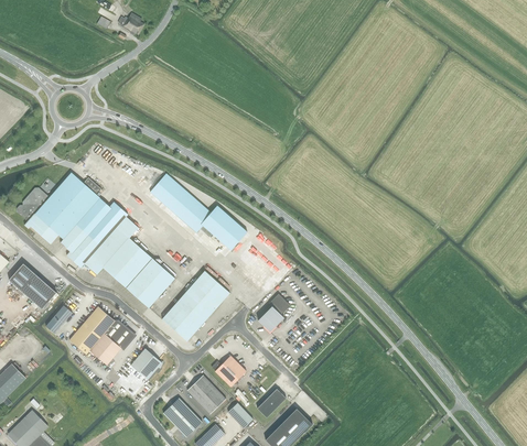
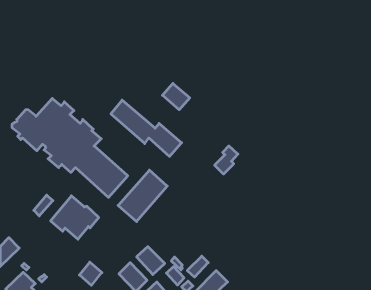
building: none -> [162,83,190,110]
building: [9,263,56,309] -> none
building: [258,294,290,333] -> [215,146,238,174]
building: [131,348,162,380] -> [79,262,102,285]
building: [212,356,246,387] -> none

